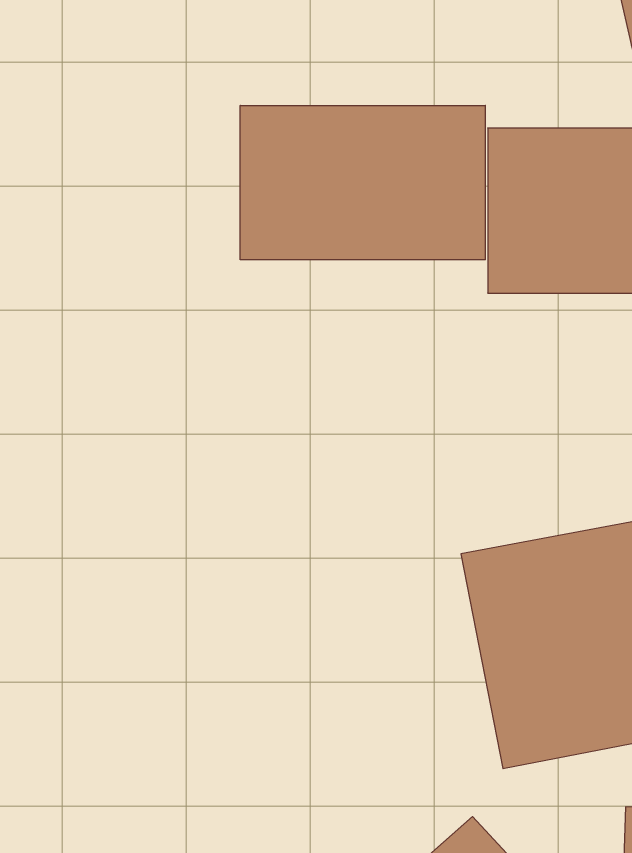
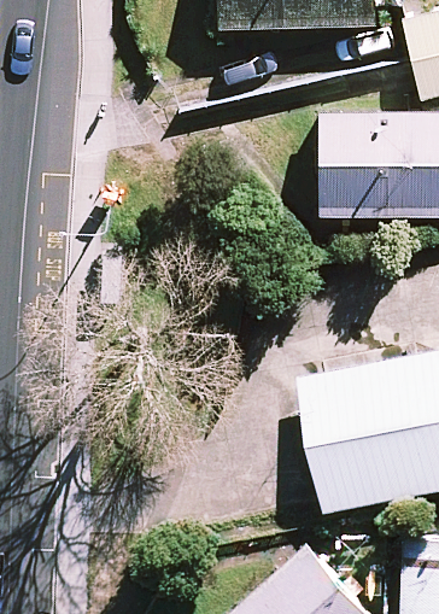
building: [240,105,485,260] -> none

